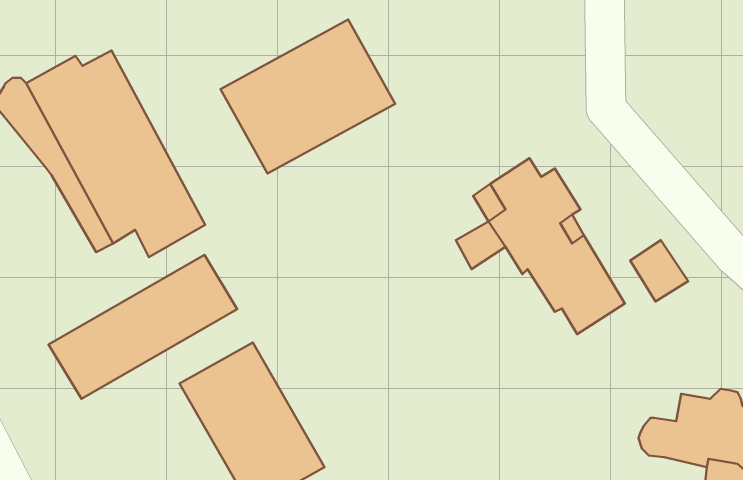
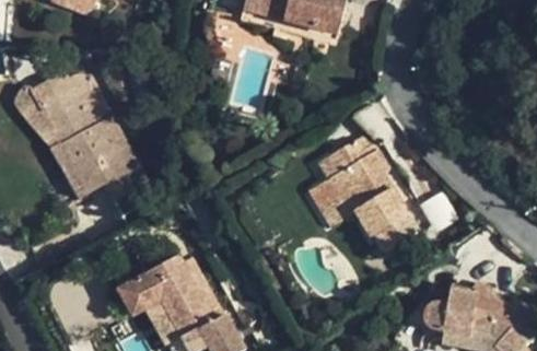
building: [221,20,395,173] -> none
building: [49,255,237,399] -> none

